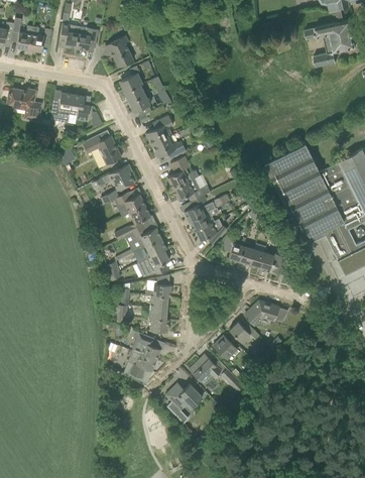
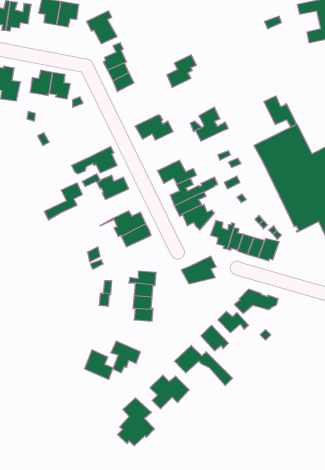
building: [146,115,174,146] -> [167,55,196,88]
building: none -> [264,96,297,127]
building: [83,135,122,165] -> none
building: [167,156,199,189] -> [196,107,228,141]
building: [114,206,150,241] -> [44,183,82,220]
building: [136,251,169,277] -> [181,256,216,284]
building: [133,333,160,361] -> [85,350,113,379]
building: none -> [118,398,155,446]

